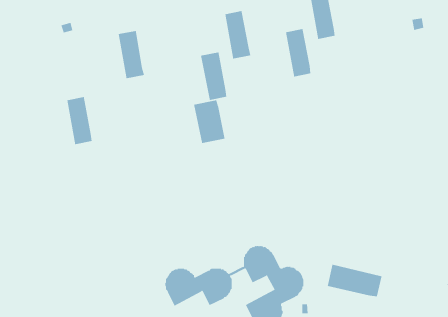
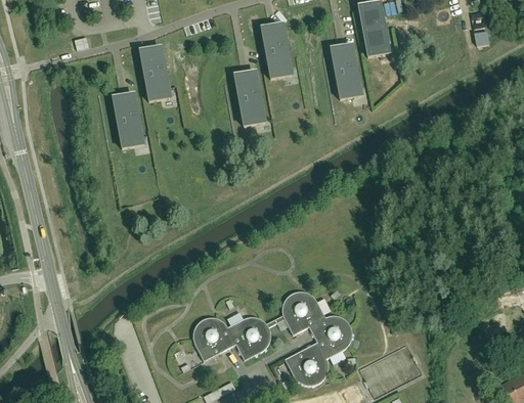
building: [67,96,92,145] -> [114,93,143,148]
building: [193,100,225,144] -> none
building: [327,264,382,297] -> none

